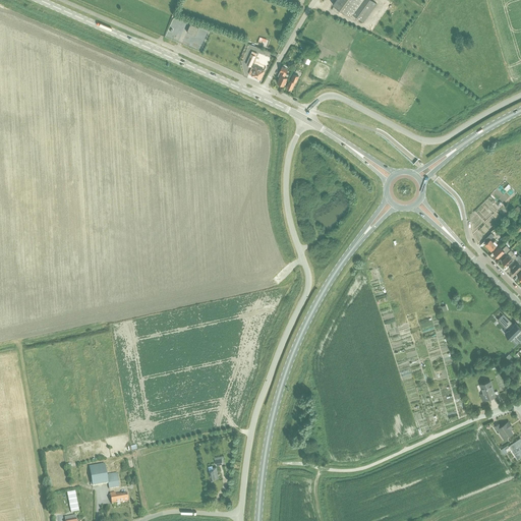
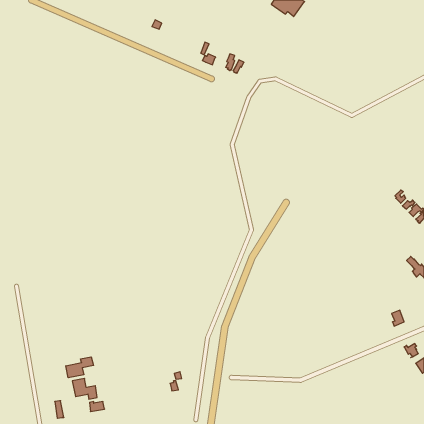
building: none -> [66,357,94,378]

